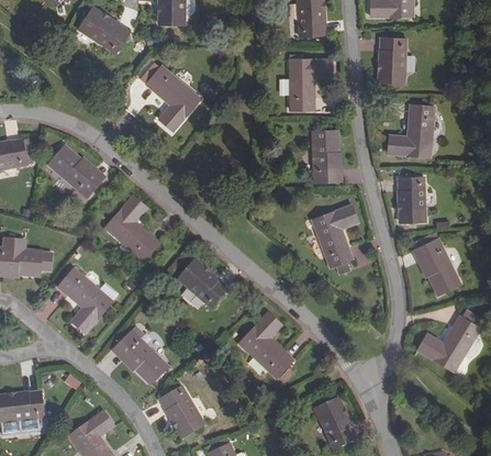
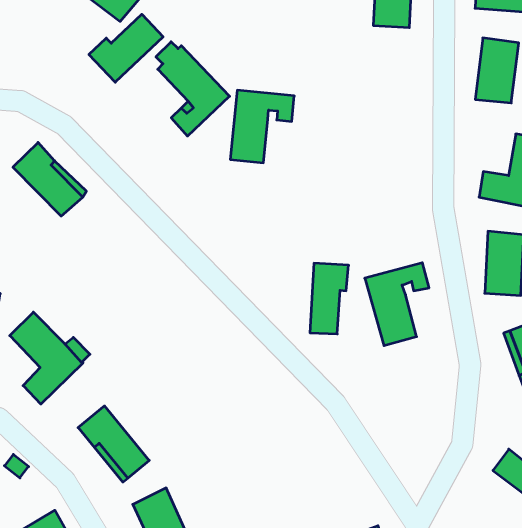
building: none -> [89,14,163,82]
building: [290,58,332,109] -> [230,90,294,163]
building: [312,130,337,181] -> [310,263,349,334]
building: [104,196,159,262] -> none
building: [178,258,228,308] -> none
building: [239,312,293,378] -> none

